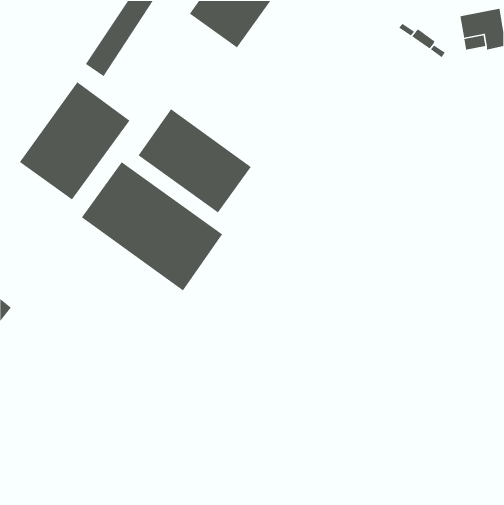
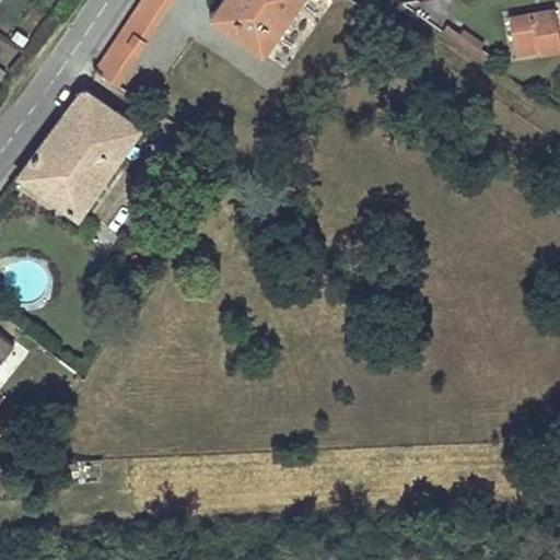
building: [137,108,252,213] -> none
building: [81,161,223,291] -> none

